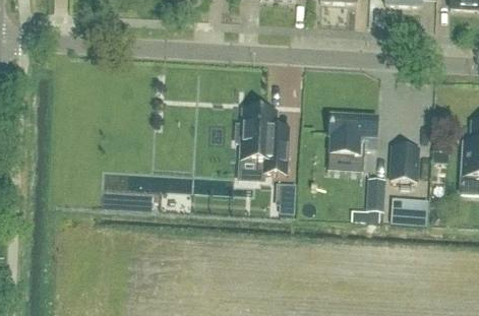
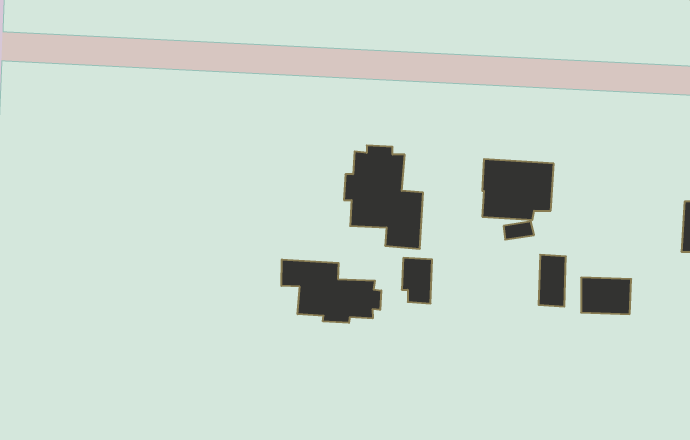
building: [391,145,419,181] -> none
building: none -> [281,259,381,323]

